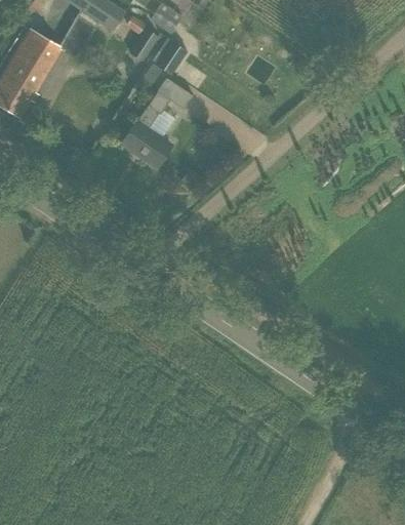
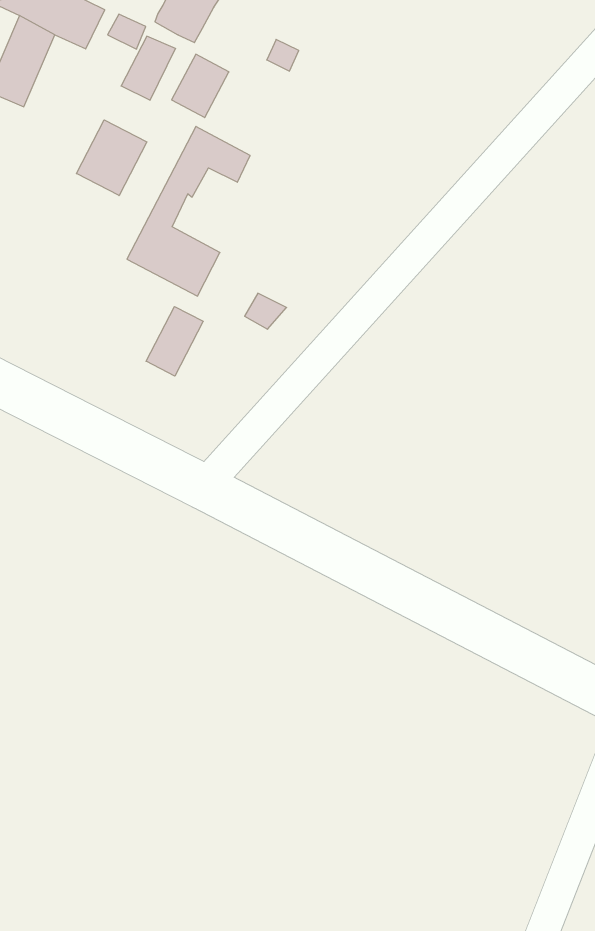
building: none -> [76,120,147,196]
building: none -> [146,307,203,376]

